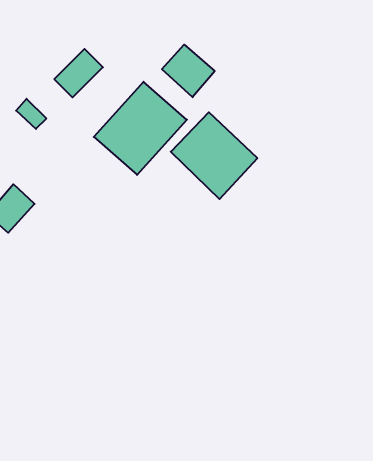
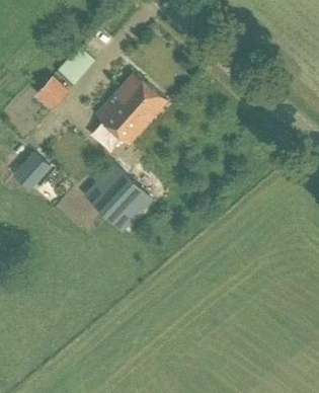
building: [162,45,215,97] -> none
building: [171,112,257,199] -> [84,164,151,231]

